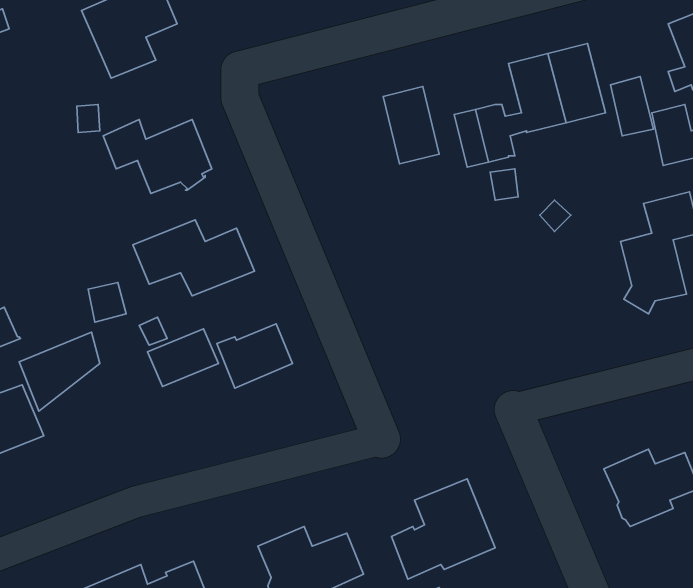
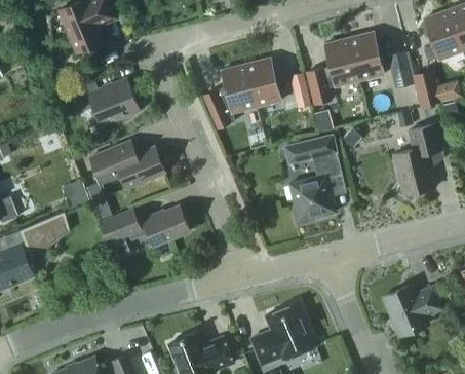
building: none -> [204,64,257,127]
building: none -> [283,133,344,224]

